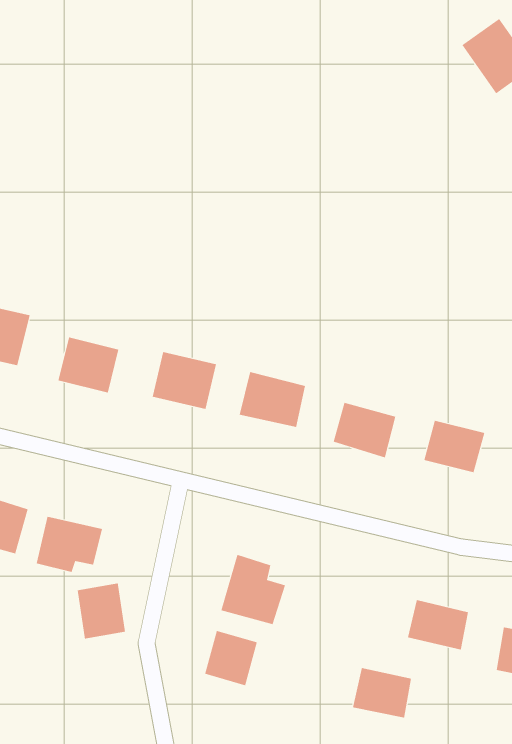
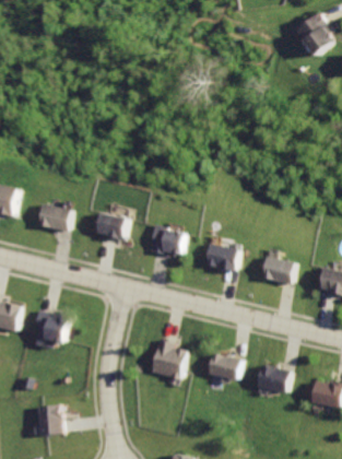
building: [77,583,126,639] -> [34,401,63,435]
building: [205,630,258,686] -> none
building: [352,668,412,718] -> [203,352,239,382]

